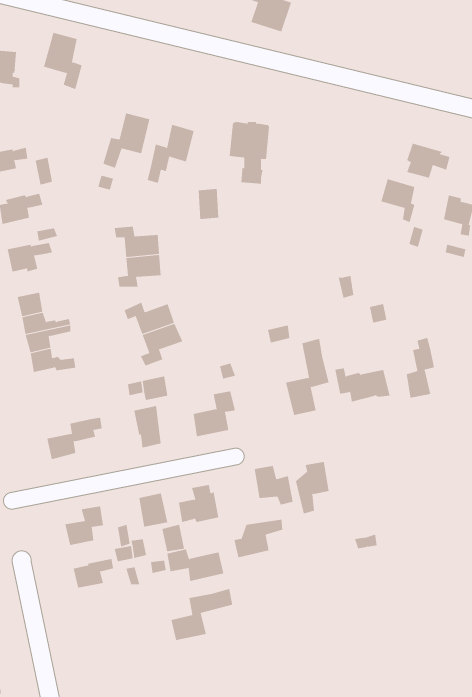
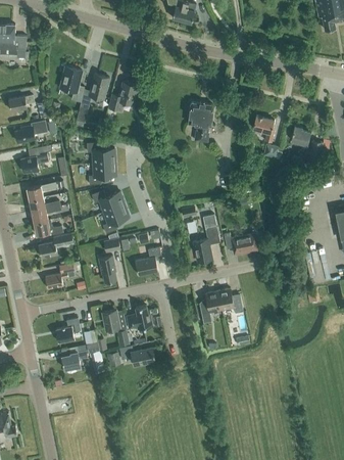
building: [43,32,83,90] -> [59,66,84,102]
building: [229,122,270,184] -> [188,102,213,141]
building: [406,143,450,179] -> none
building: [406,337,434,399] -> none
building: none -> [38,233,73,259]
building: [254,466,293,505] -> [217,288,242,313]
building: [234,519,283,558] -> none
building: [171,588,233,641] -> none

